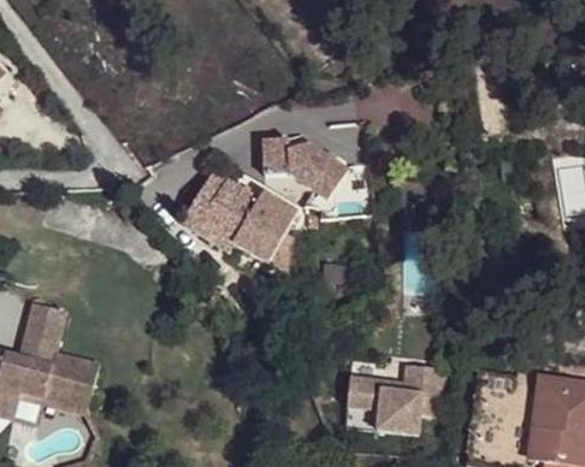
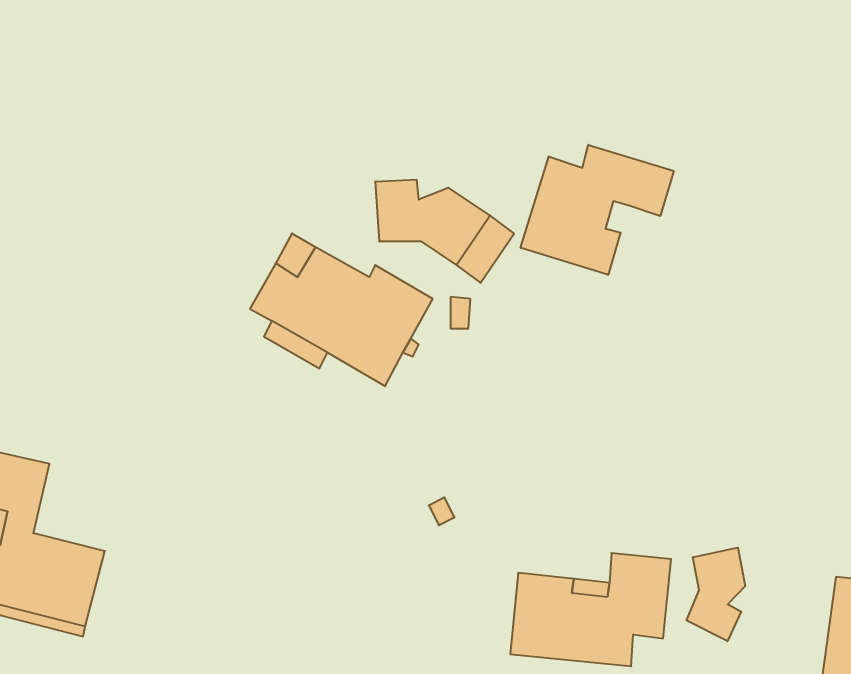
building: none -> [521,145,674,275]
building: none -> [687,548,745,641]

